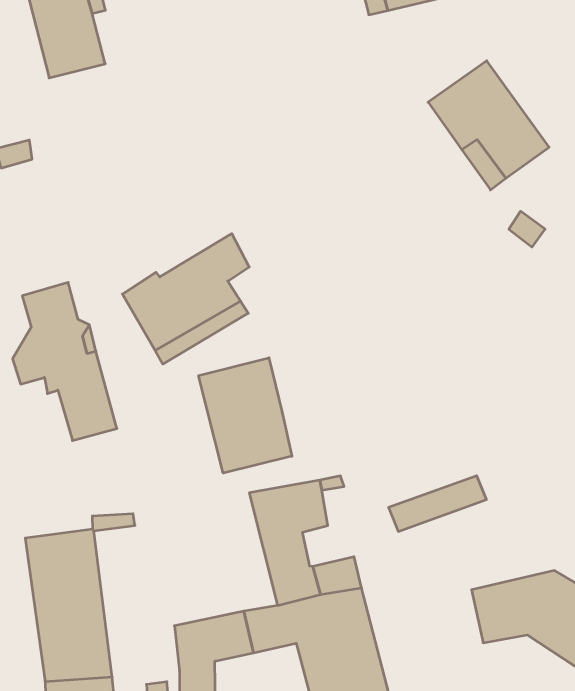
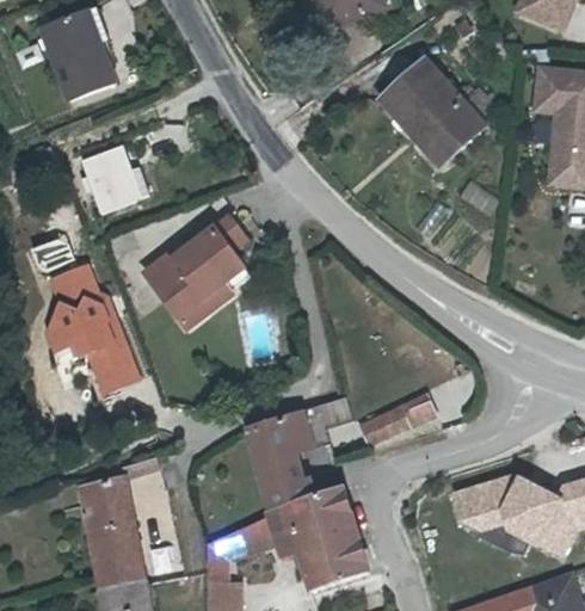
building: none -> [79,149,144,215]
building: [199,358,292,473] -> none

